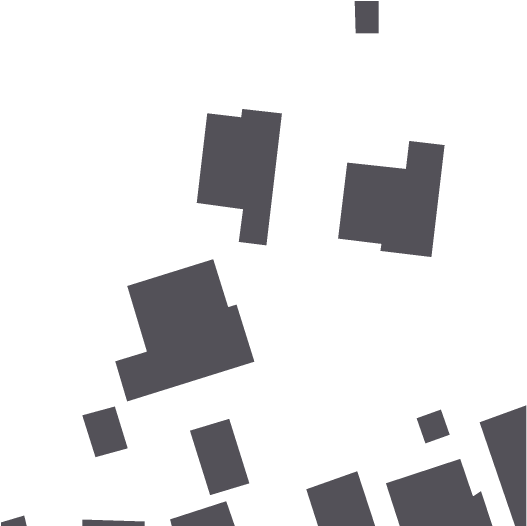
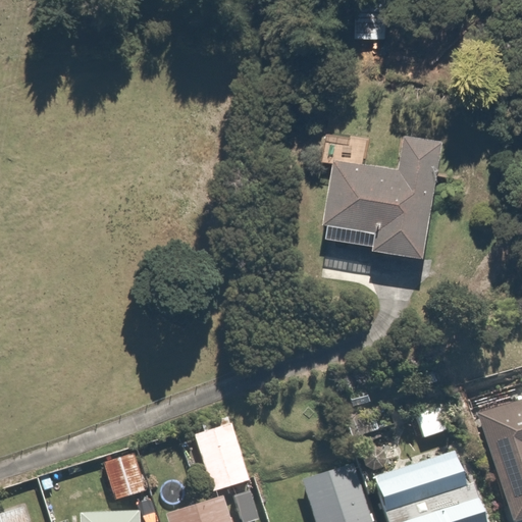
building: [196,108,283,246] -> none
building: [114,258,255,402] -> none
building: [81,406,129,458] -> [95,452,142,504]

